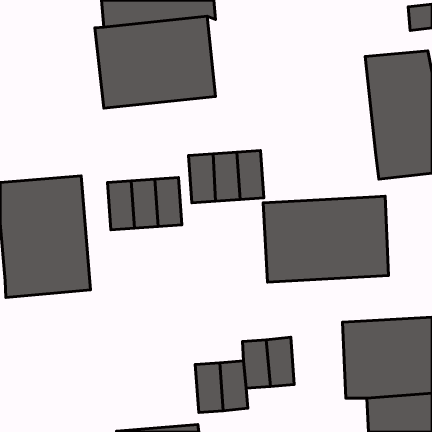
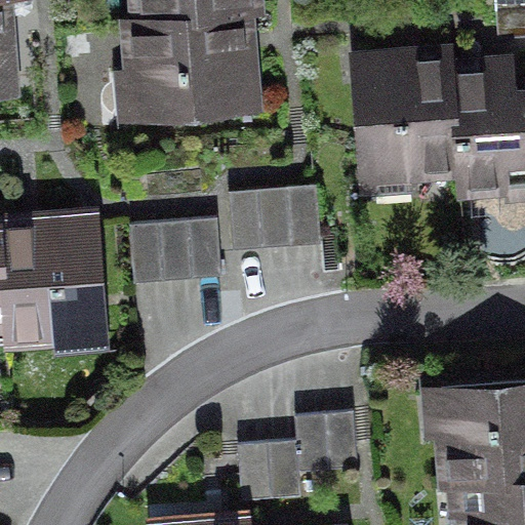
building: none -> [350,52,455,190]
building: [263,196,389,282] -> none

